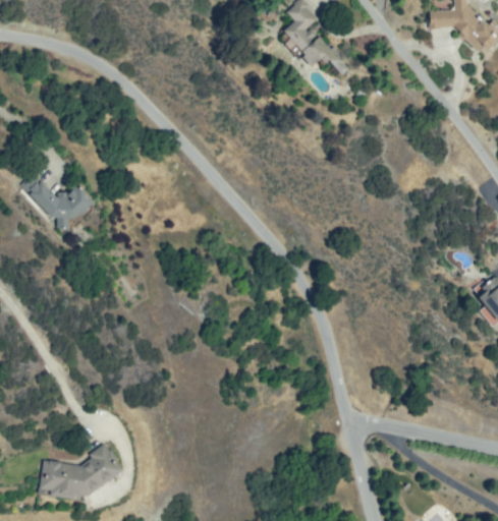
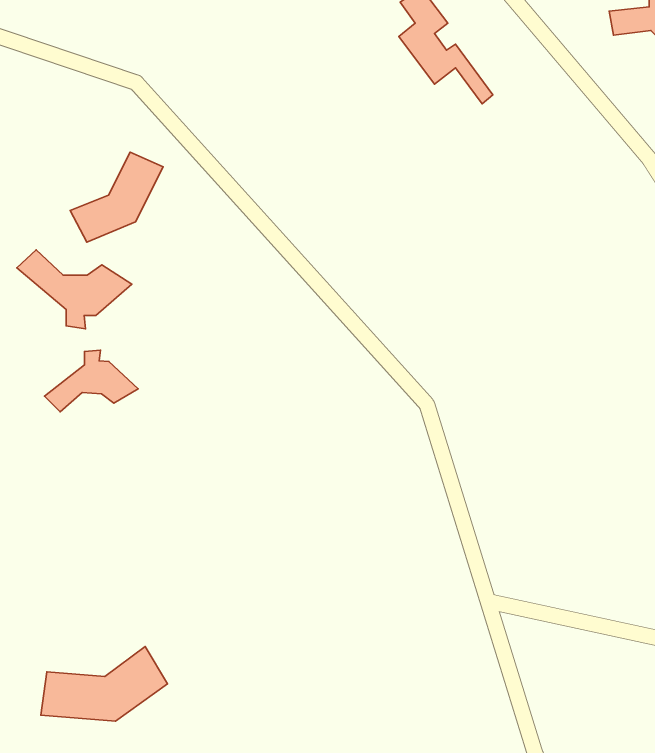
building: none -> [70,152,163,242]
building: none -> [44,350,138,412]

